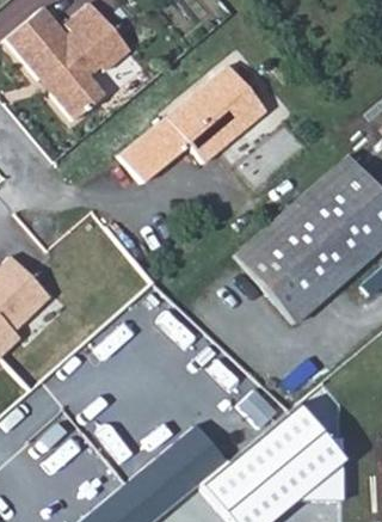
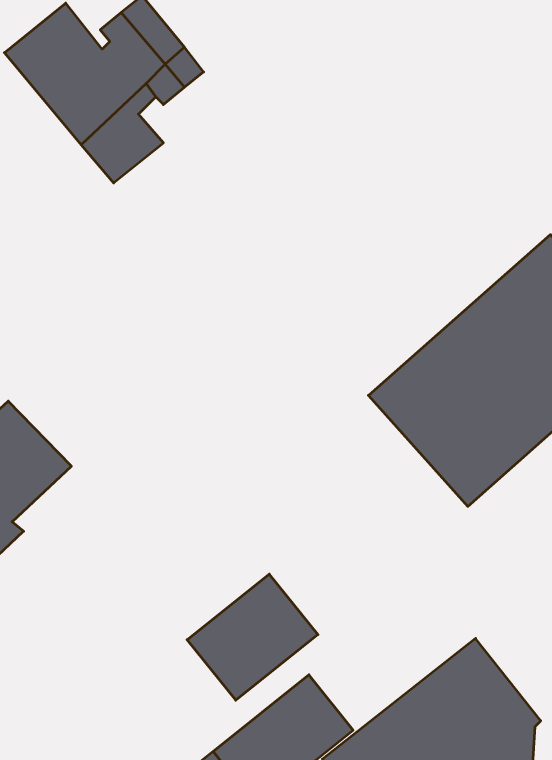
building: [124,65,270,183] -> none
building: none -> [187,574,318,700]

